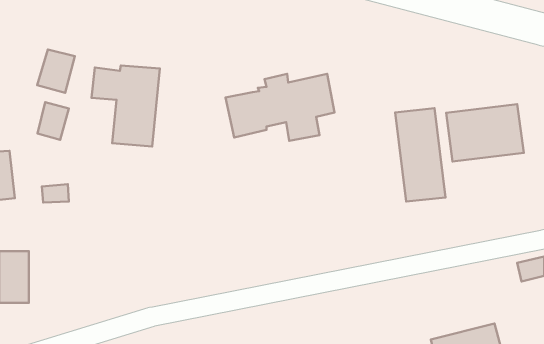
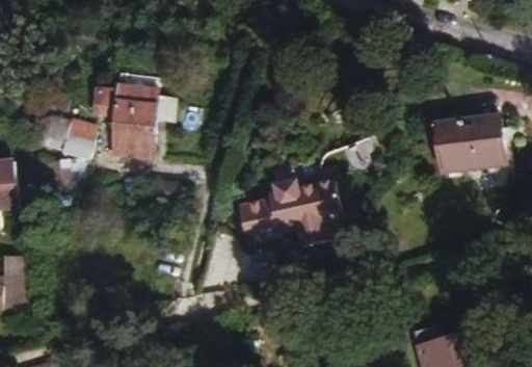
building: [37,50,75,93] -> [62,117,99,159]
building: [226,74,335,141] -> [235,182,340,246]
building: [395,108,445,201] -> none

